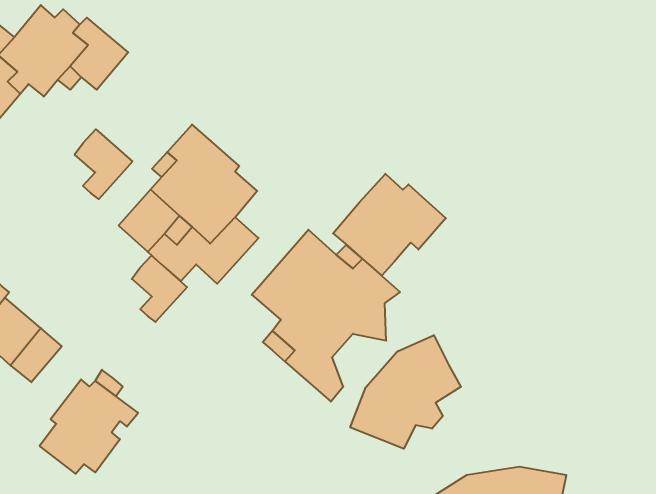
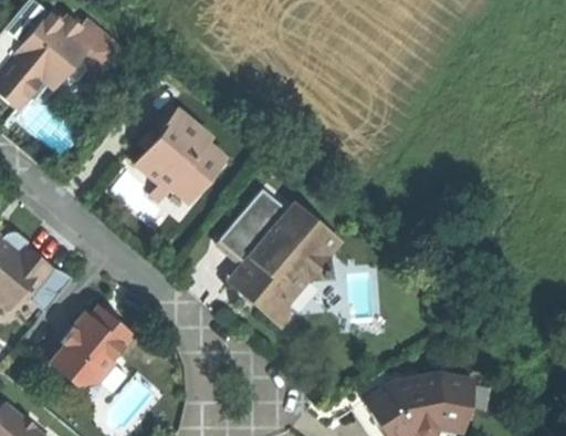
building: [75,129,132,199] -> none
building: [333,174,446,276] -> none
building: [132,255,187,322] -> none
building: [350,335,461,449] -> none

